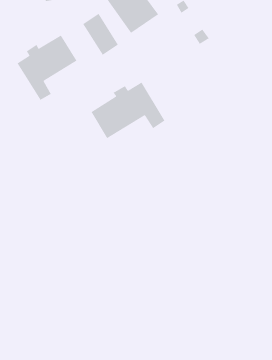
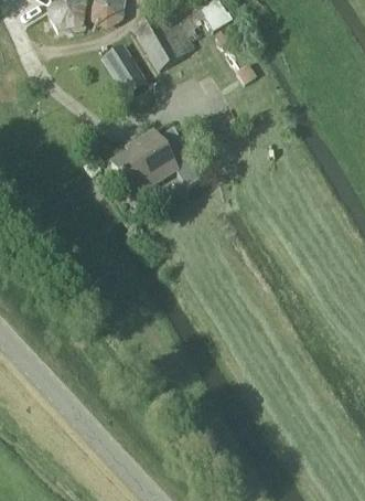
building: [17,35,78,101] -> none

